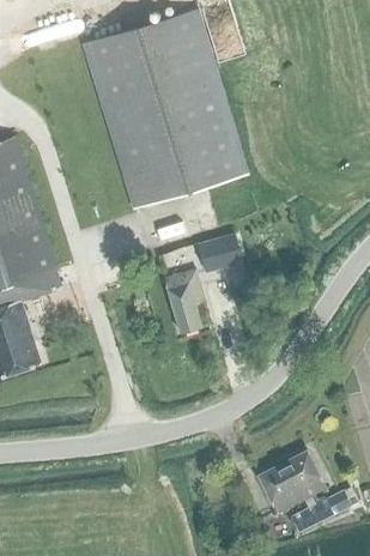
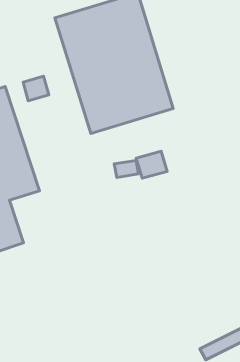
building: none -> [23,76,49,101]
building: [164,271,206,334] -> none
building: [254,452,323,514] -> none

